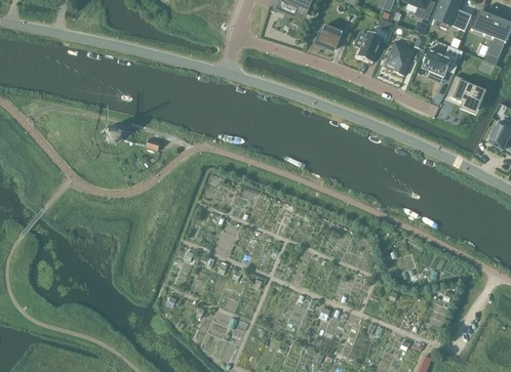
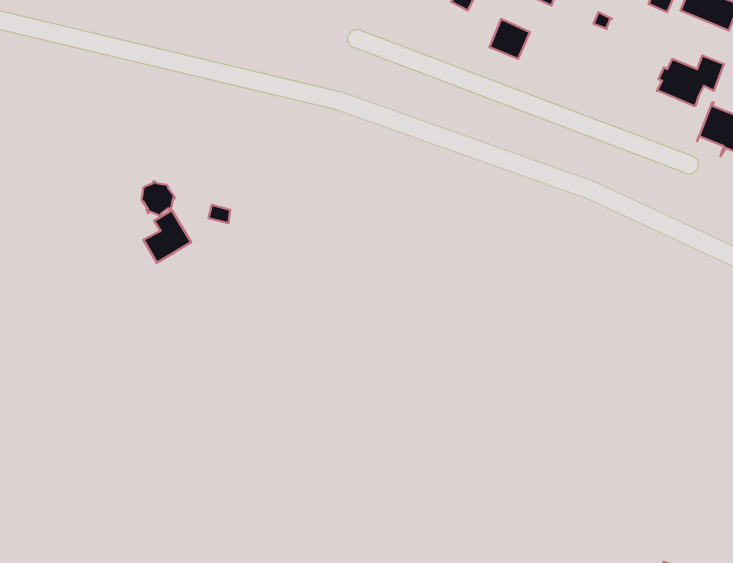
building: [356,31,382,61] -> none
building: [385,41,414,75] -> none
building: none -> [144,210,191,263]

